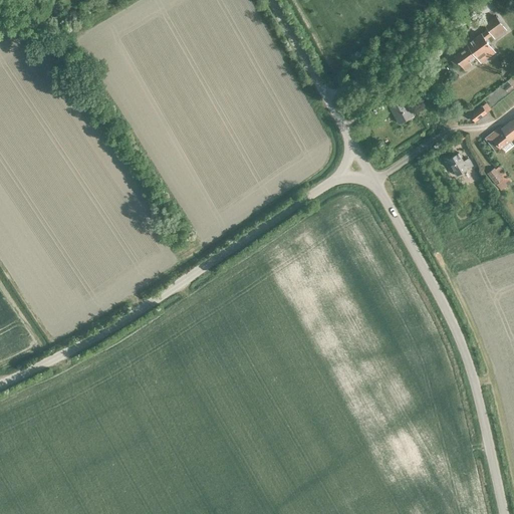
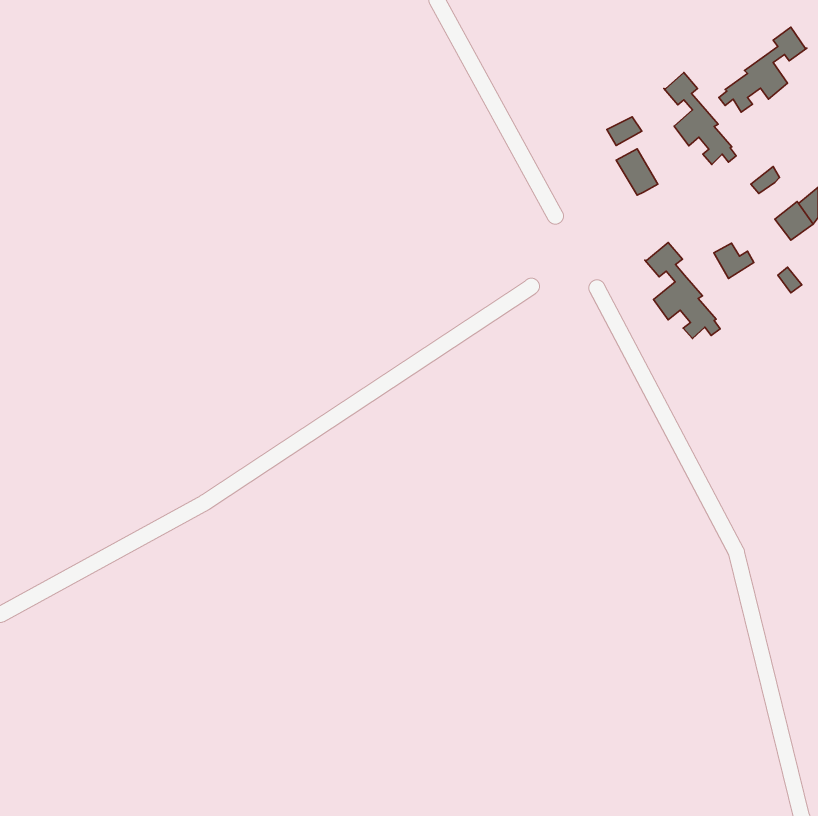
building: none -> [664,72,736,164]
building: none -> [645,243,720,338]

